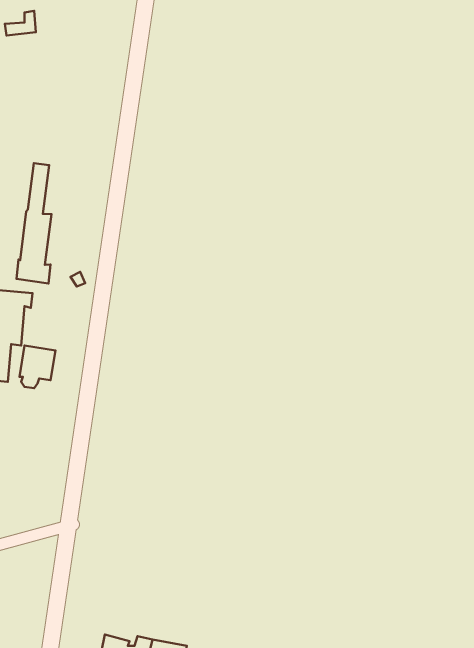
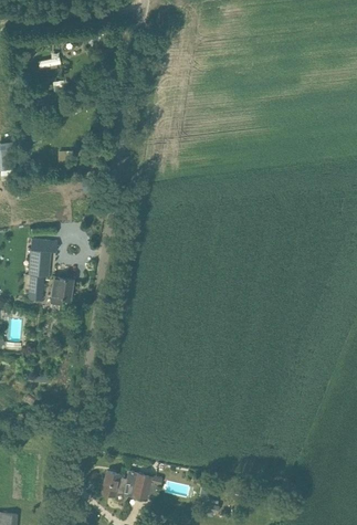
building: [17,163,51,283] -> none

